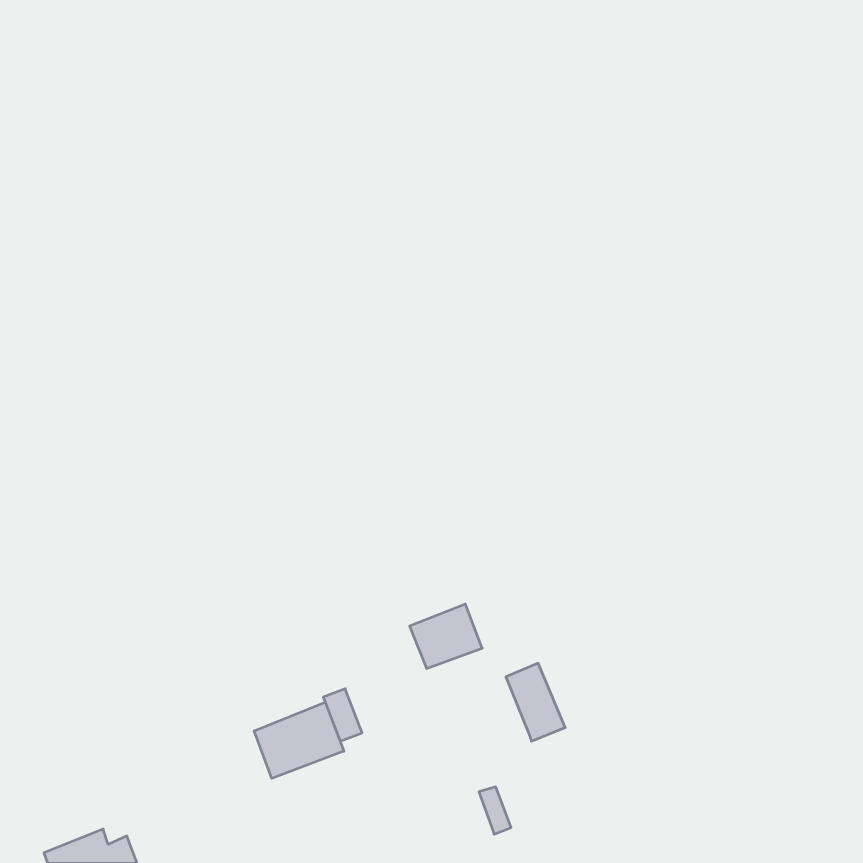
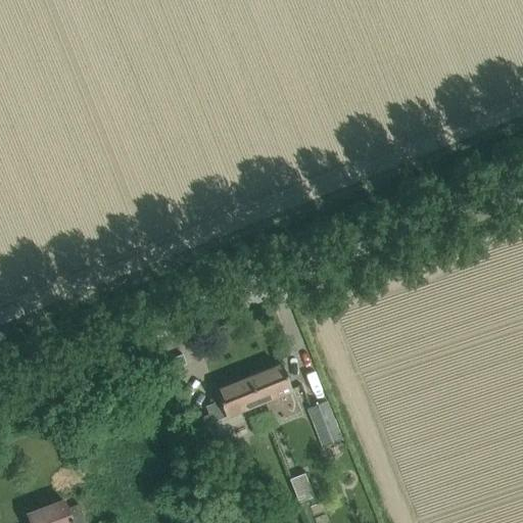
building: none -> [216,378,258,417]
building: [254,702,344,778] -> none

